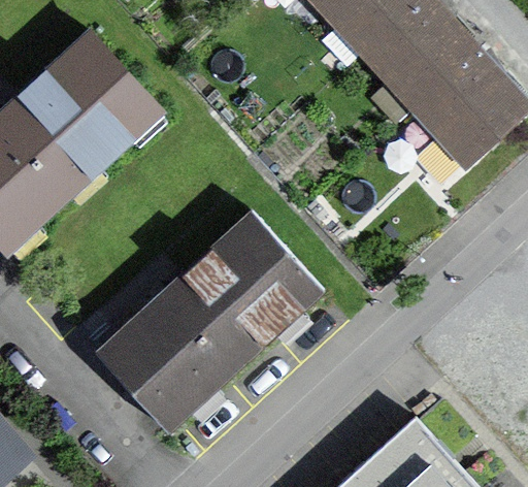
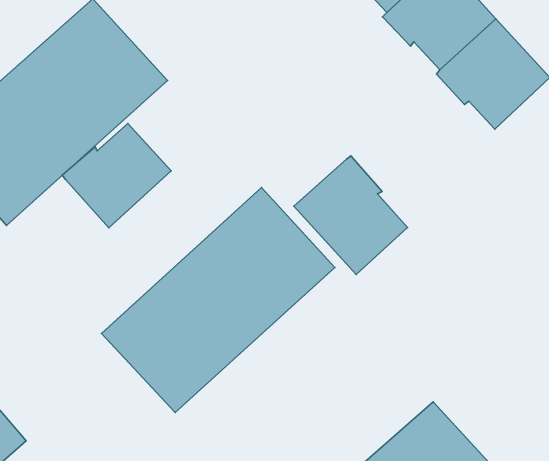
building: none -> [62,123,171,228]
building: none -> [294,156,408,275]

